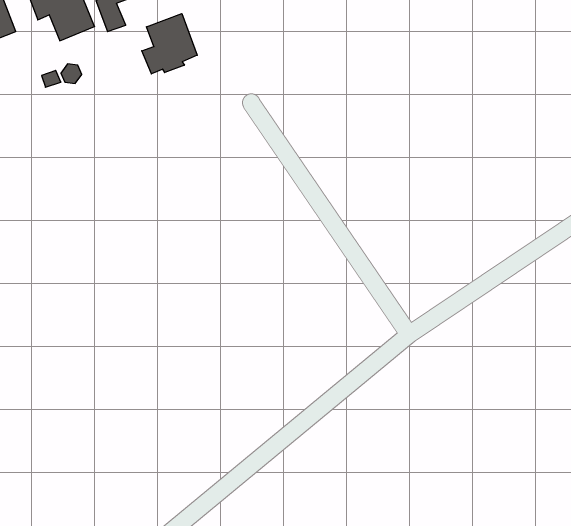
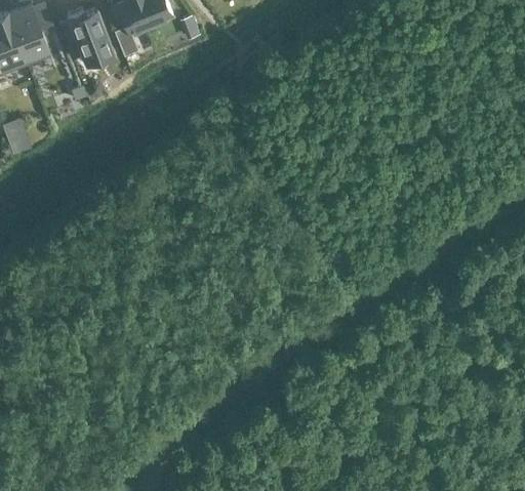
building: [142,14,197,74] -> none

